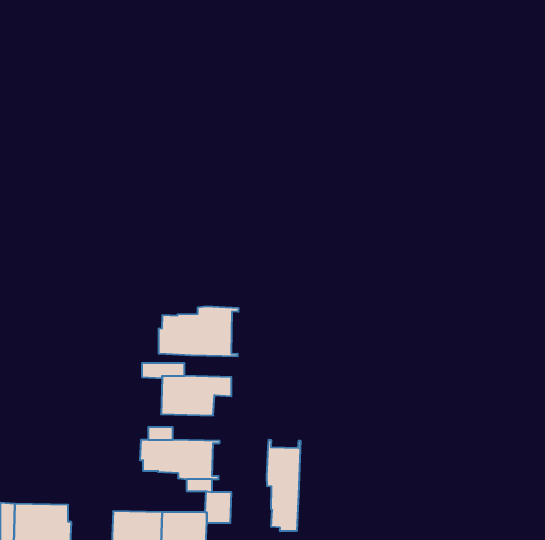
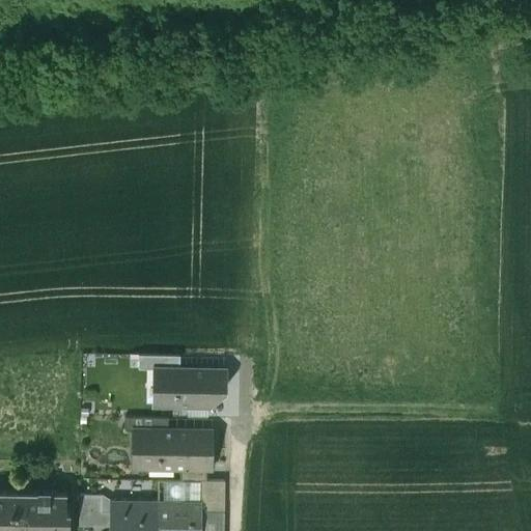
building: [159,306,238,356] -> none
building: [267,440,300,531] -> none
building: none -> [79,497,102,523]

